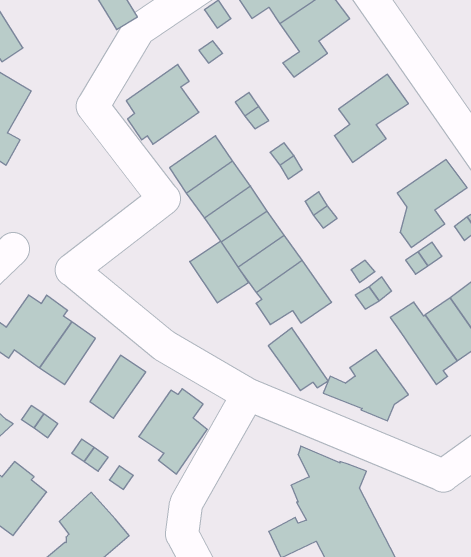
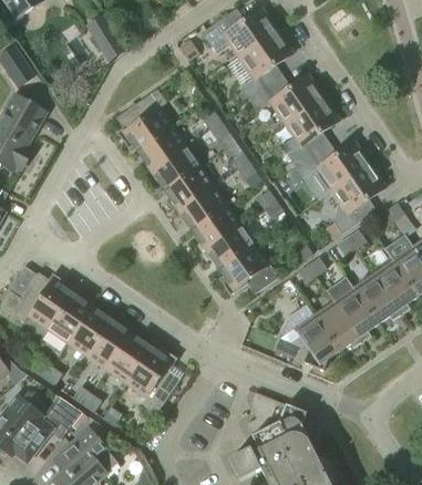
building: none -> [249,74,323,124]
building: none -> [137,126,187,171]
building: none -> [296,141,370,190]
building: [190,241,248,303] -> none
building: [268,328,328,391] -> [315,300,362,350]
building: none -> [68,306,112,355]
building: none -> [106,332,152,383]
building: none -> [41,395,82,437]

